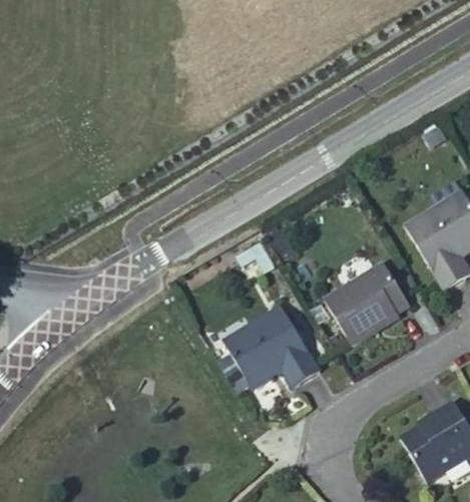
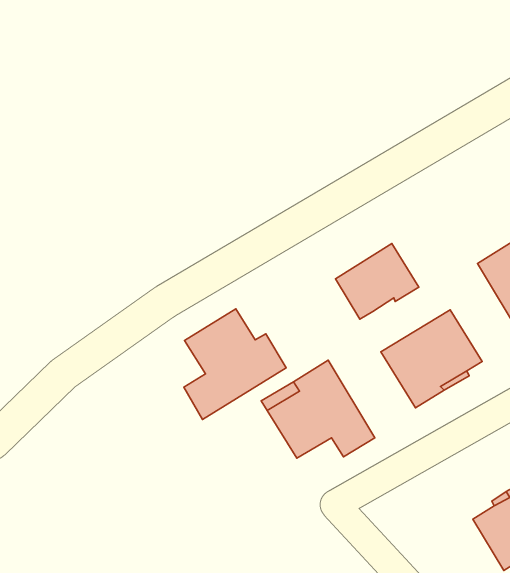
building: none -> [336,243,419,319]
building: none -> [184,309,286,419]

